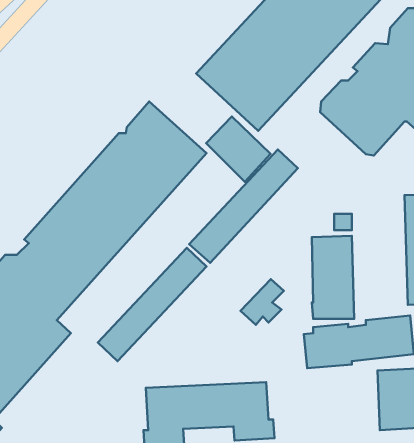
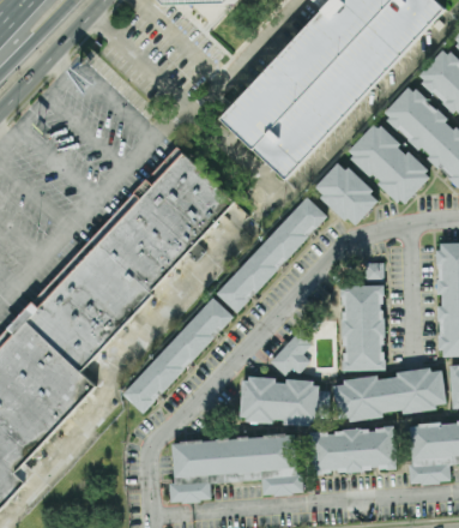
building: [206,116,271,182] -> [313,160,379,227]
building: none -> [240,377,330,425]
building: none -> [309,427,395,473]

